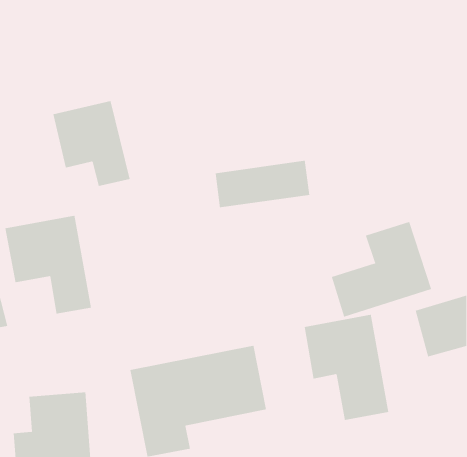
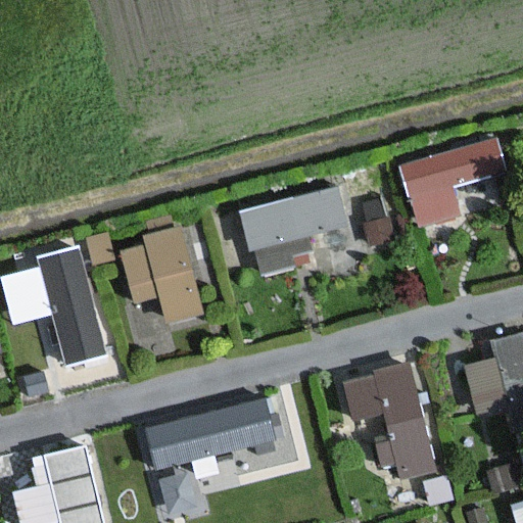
building: [52,101,130,187] -> [116,230,203,326]
building: none -> [396,139,498,234]
building: [331,221,432,318] -> none

